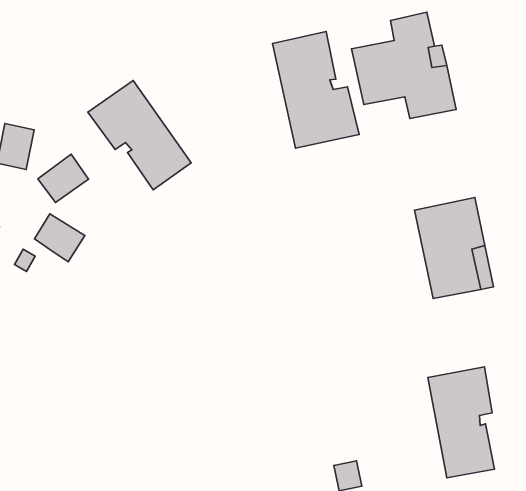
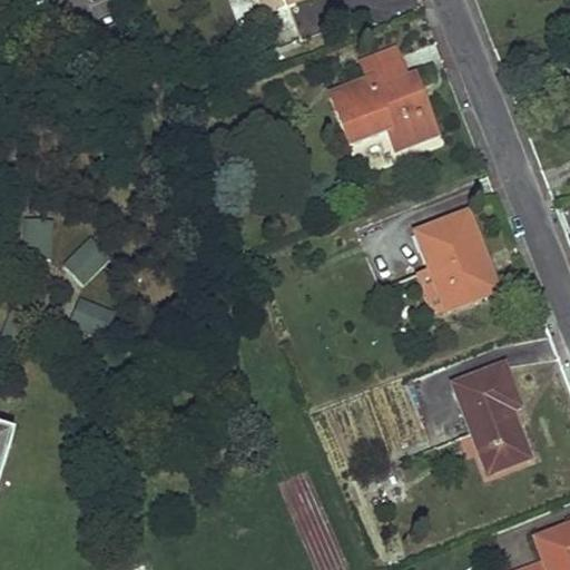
building: [273,32,359,148] -> none
building: [88,80,191,190] -> none

